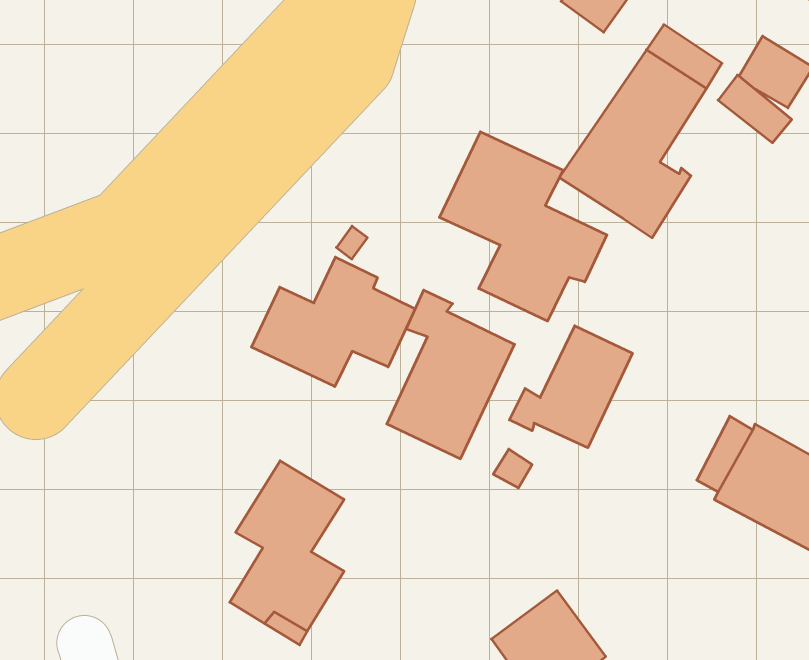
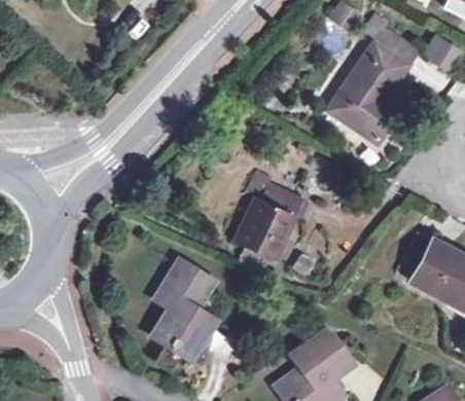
building: [439,132,607,321] -> none
building: [251,257,415,387] -> none
building: [509,326,632,448] -> none

